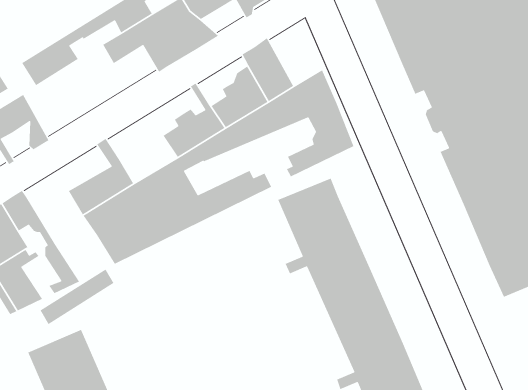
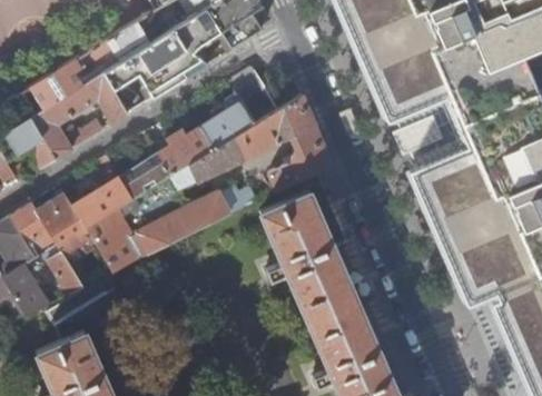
building: none -> [32,72,128,159]
building: none -> [119,133,171,198]
building: none -> [36,192,98,255]

